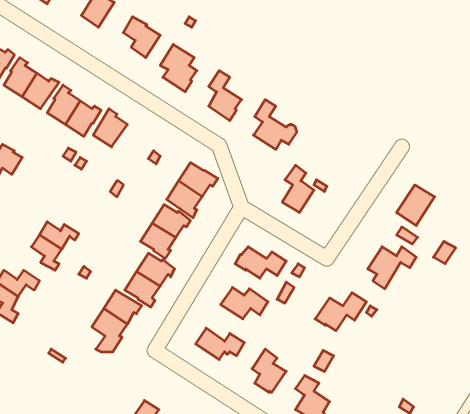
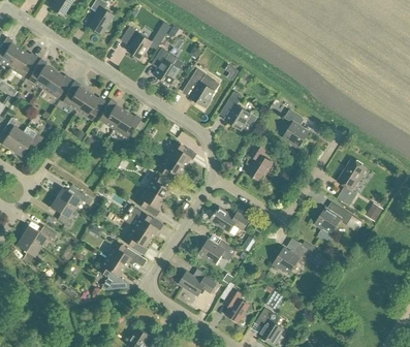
building: none -> [283,109,310,148]
building: none -> [113,111,141,138]

